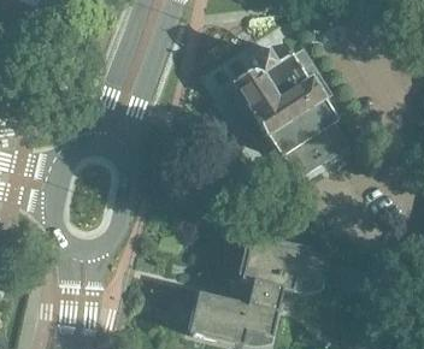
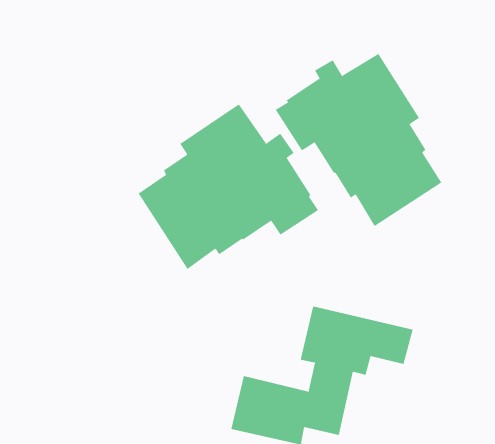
building: none -> [138,103,319,270]

